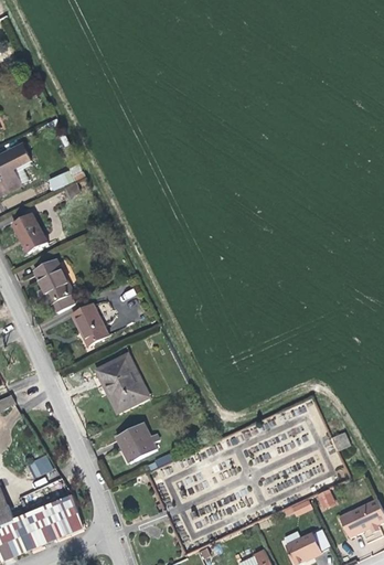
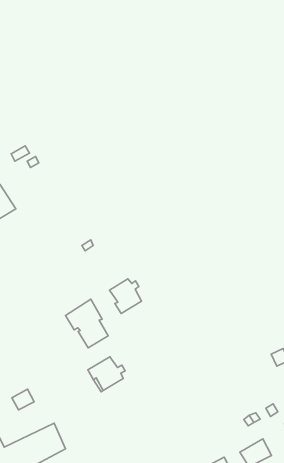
building: [33,259,74,311] -> none
building: [72,303,108,344] -> none
building: none -> [109,279,141,313]

